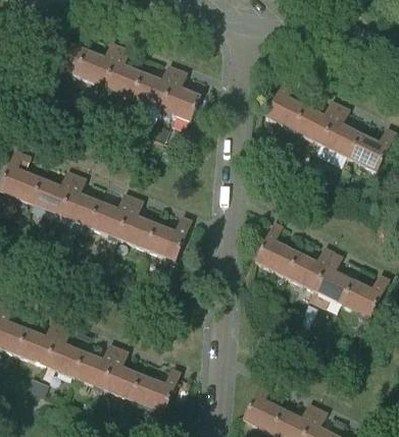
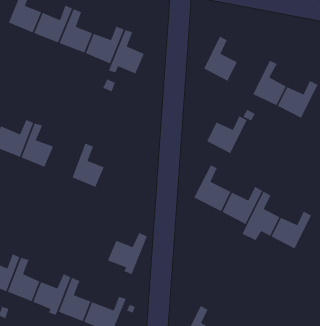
building: [294,99,341,143] -> [206,115,248,154]
building: [89,193,134,241] -> none
building: [146,215,192,264] -> [107,232,148,275]

